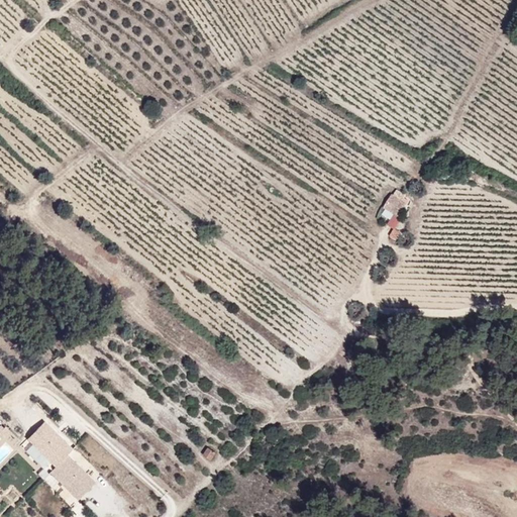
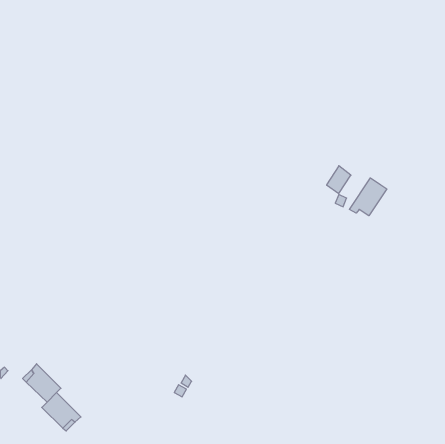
building: none -> [349,178,387,216]

